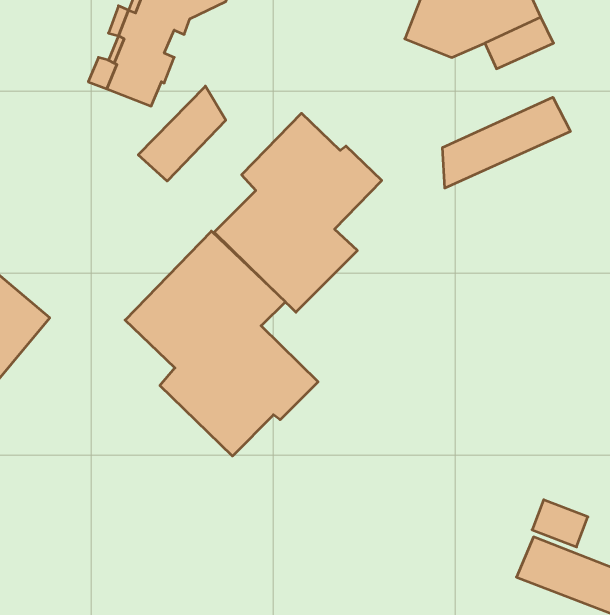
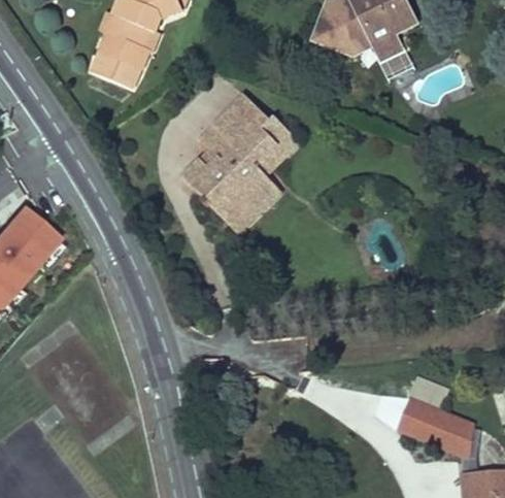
building: [138,86,226,181] -> none
building: [443,97,570,188] -> none
building: [125,231,318,456] -> none

